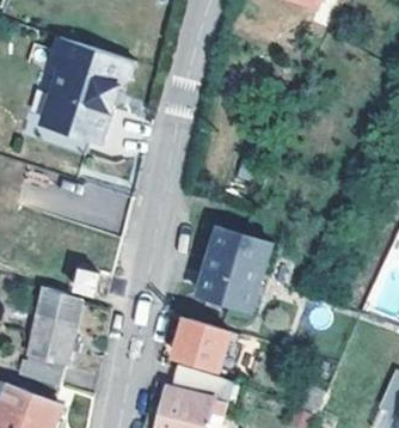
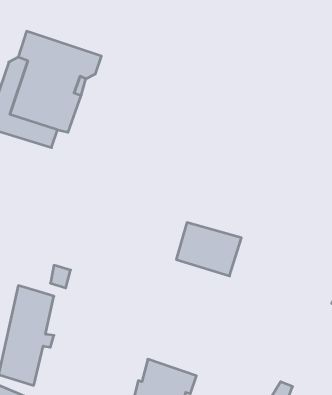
building: [196,263,258,308] -> none
building: [172,314,231,372] -> none

